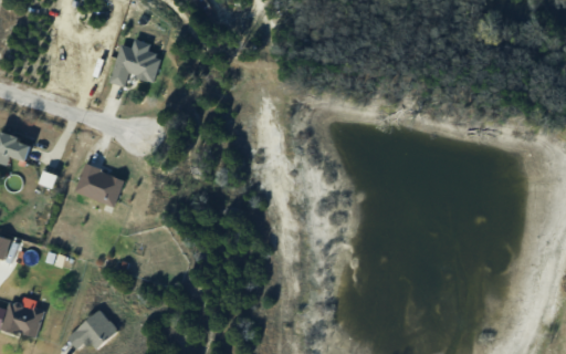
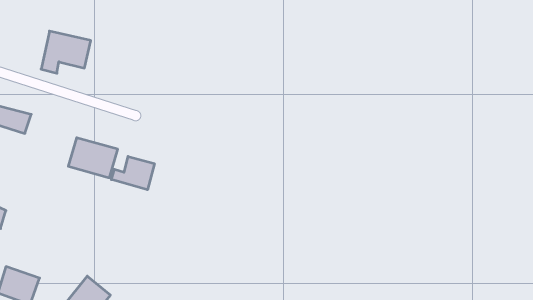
building: [111,43,163,87] -> [41,31,91,73]
building: none -> [111,156,154,190]

